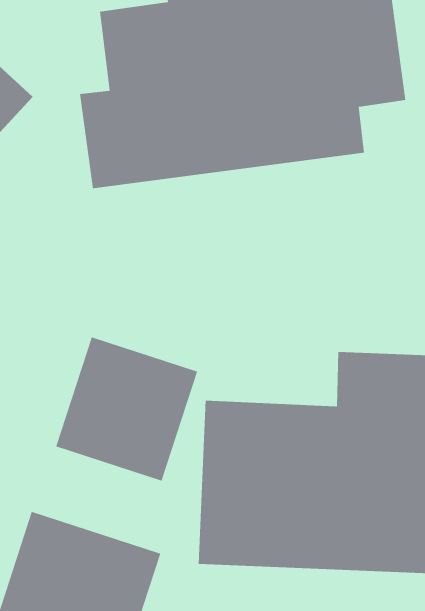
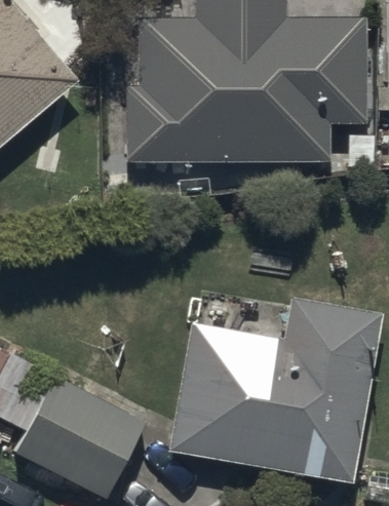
building: [55,336,198,482] -> none

